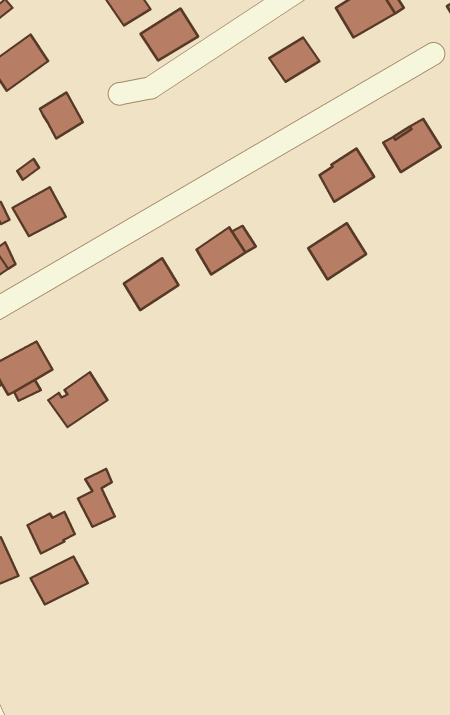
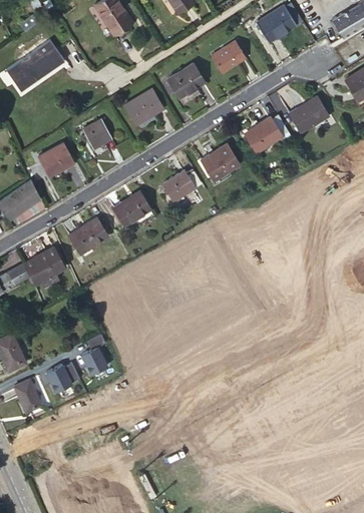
building: [140,8,198,60] -> [166,63,206,98]
building: [40,93,83,139] -> [83,119,112,150]
building: none -> [124,89,164,125]
building: [308,223,366,279] -> [201,143,240,181]
building: [48,372,108,427] -> [68,217,108,254]
building: [31,557,88,605] -> none

